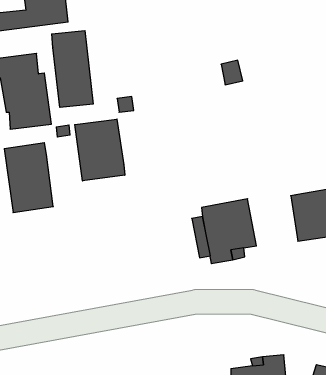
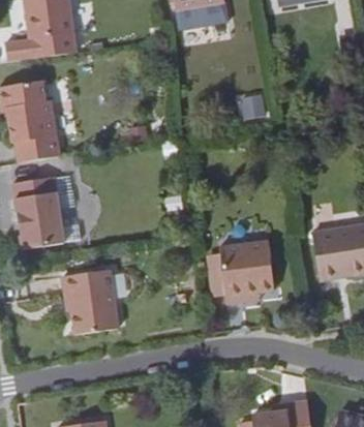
building: [52,31,93,107] -> none
building: [75,119,125,181] -> none
building: none -> [63,275,118,341]

